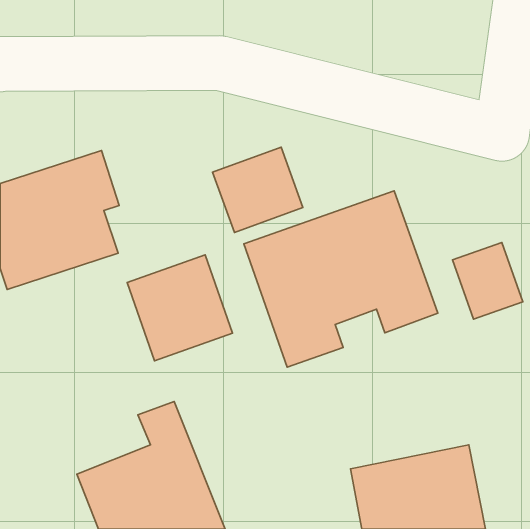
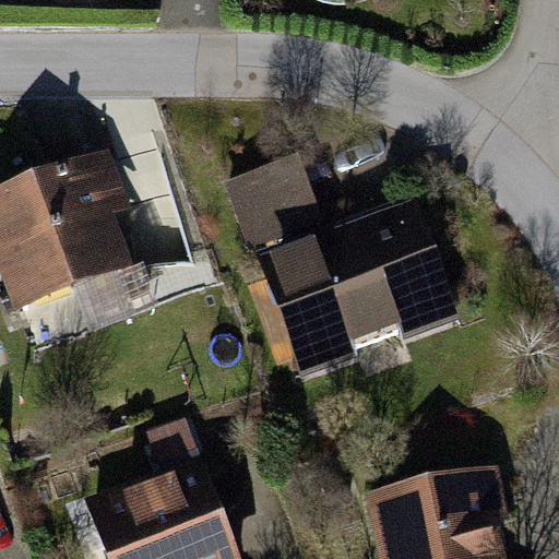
building: [453,242,523,319] -> none
building: [127,255,233,361] -> none

